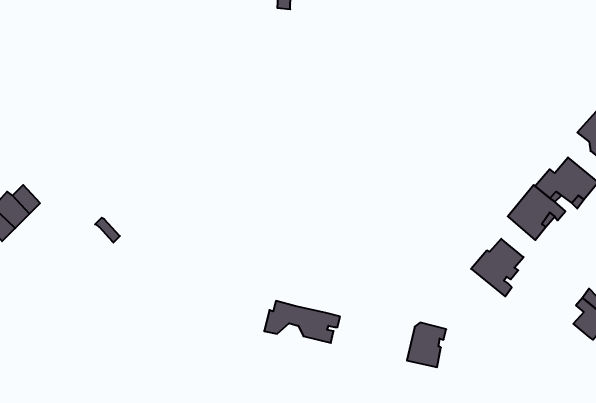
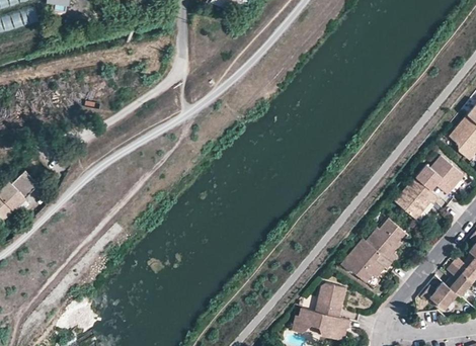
building: none -> [341,239,392,282]
building: [264,301,340,343] -> [292,308,350,340]
building: none -> [420,281,457,309]

